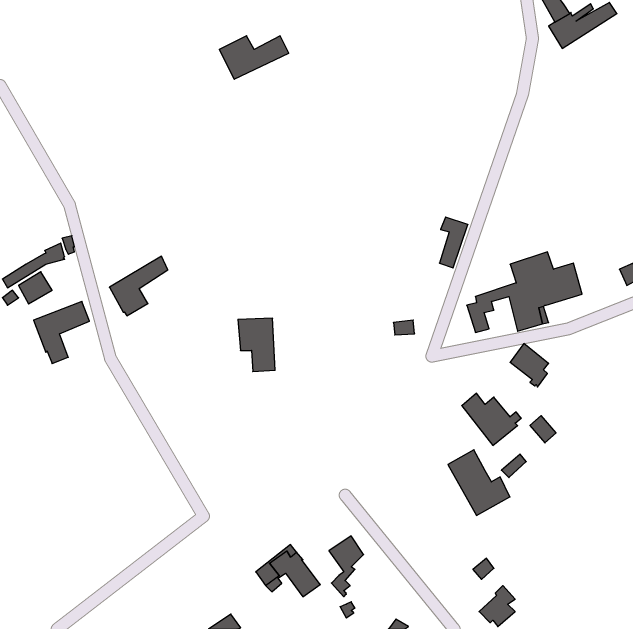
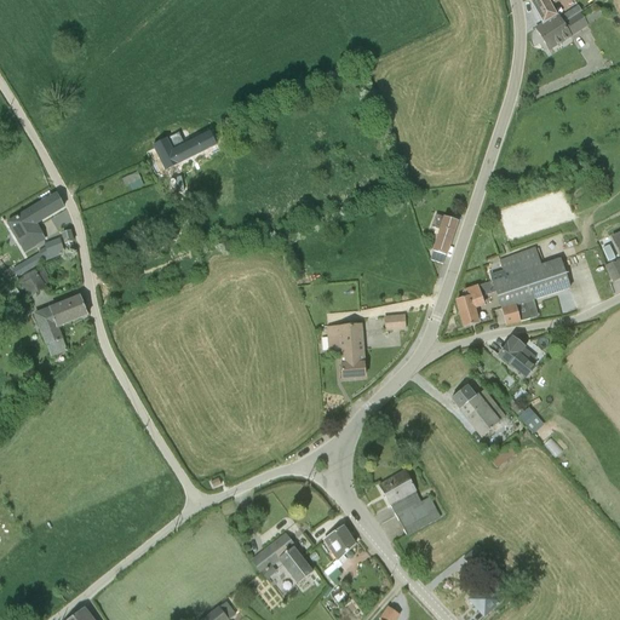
building: [219,36,289,79] -> [148,128,216,171]
building: [109,256,168,316] -> [7,193,64,251]
building: [238,318,275,372] -> [328,323,364,375]
building: [448,450,510,515] -> [379,469,440,533]

